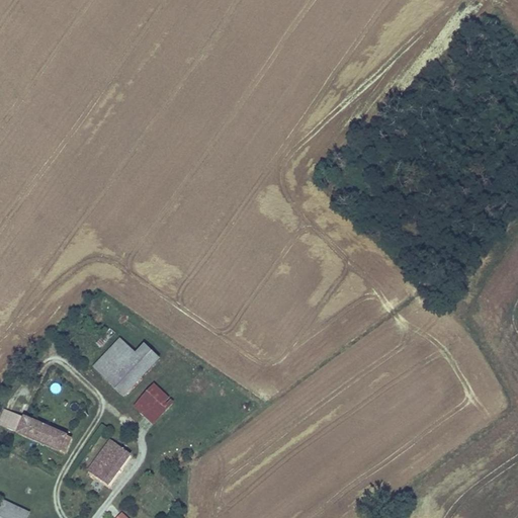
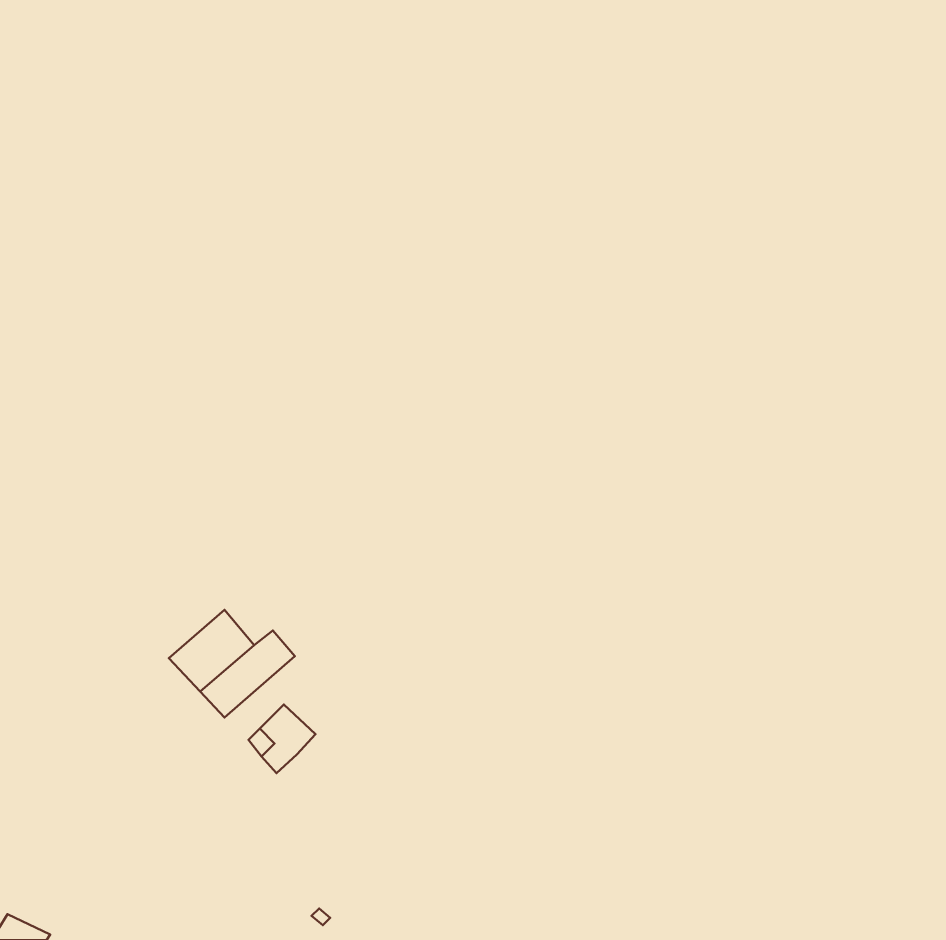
building: [11,416,71,452] -> none
building: [89,439,127,480] -> none

